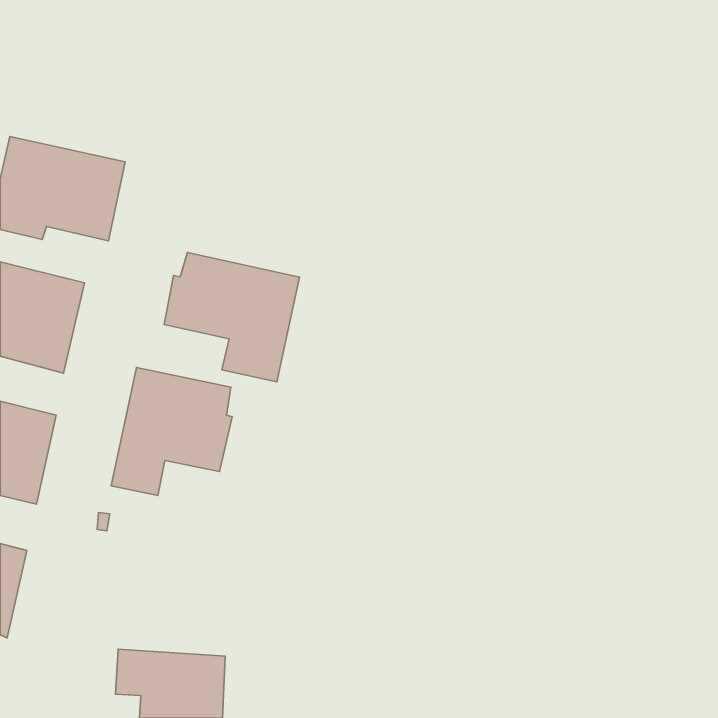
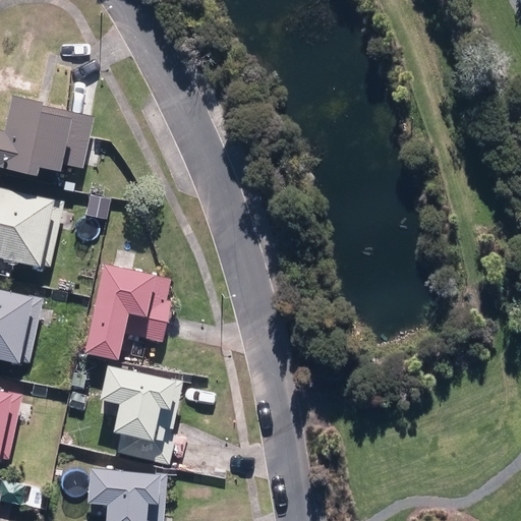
building: [164,253,299,382] -> none
building: none -> [96,366,180,464]

